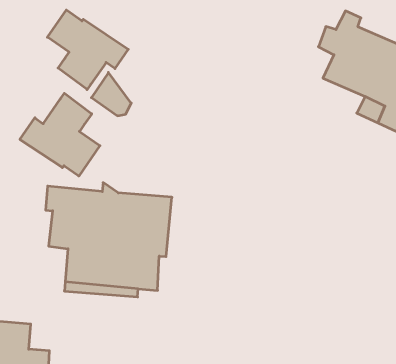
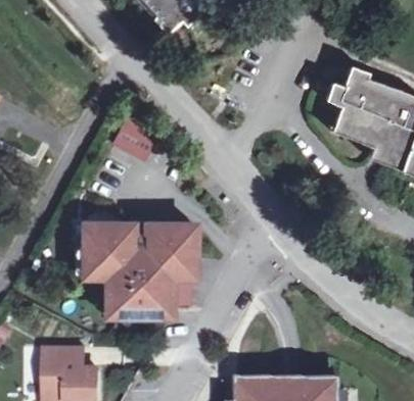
building: [47,10,128,90] -> none
building: [20,93,100,176] -> none

